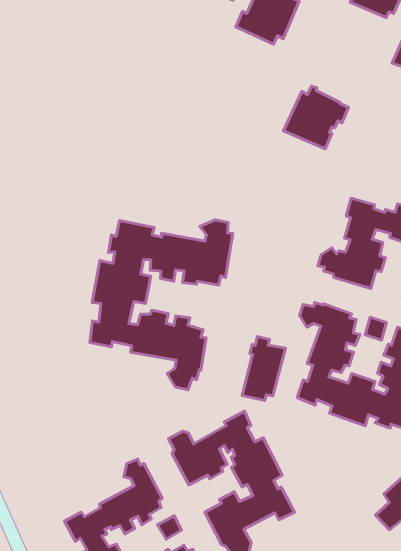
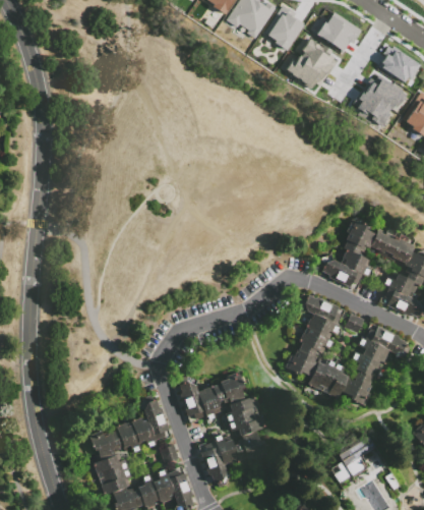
building: [283,86,349,149] -> [350,72,404,123]
building: [90,220,233,390] -> none
building: [242,336,285,400] -> none

